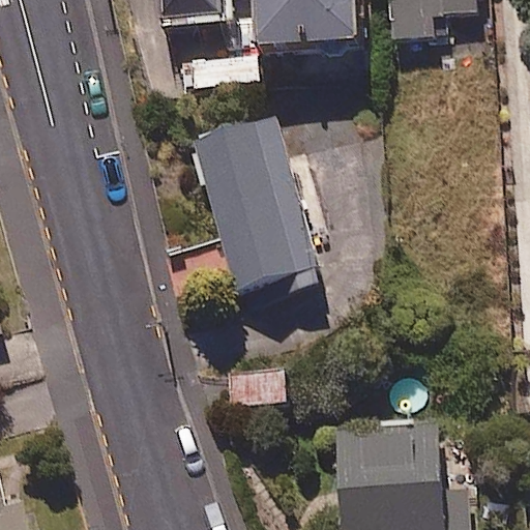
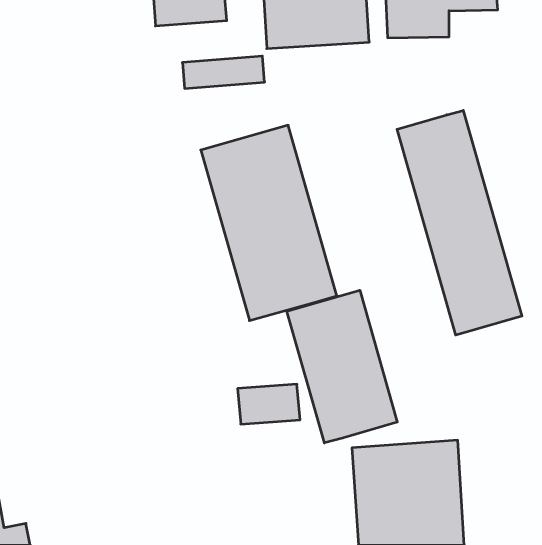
building: none -> [397,110,522,335]
building: none -> [287,290,397,443]

